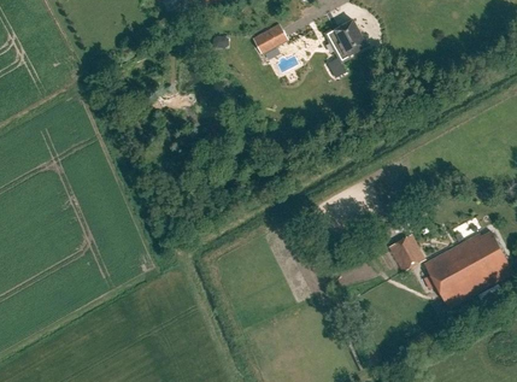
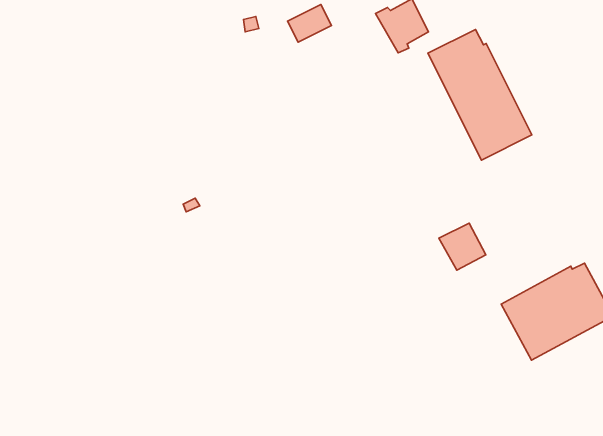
building: none -> [428,29,532,160]
building: [387,236,424,274] -> [439,223,486,270]

